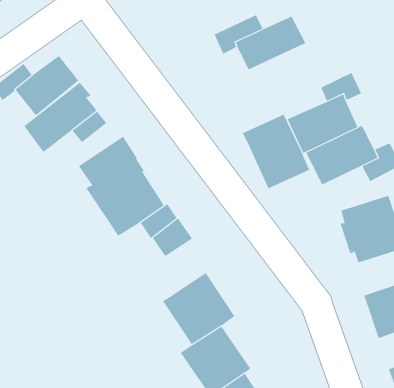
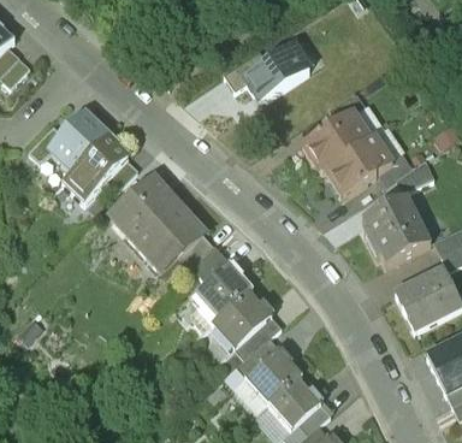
building: [242,114,310,189] -> none
building: none -> [196,260,253,315]

